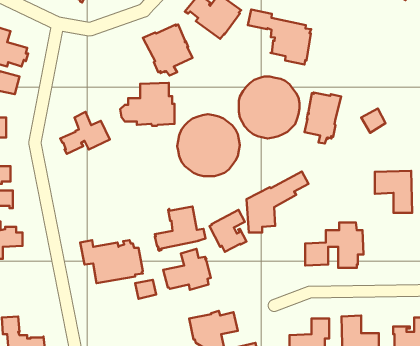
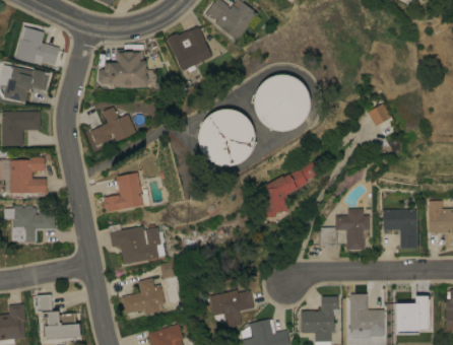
building: [248,10,311,64] -> none
building: [120,83,174,126] -> [99,49,148,88]
building: [305,93,341,143] -> none
building: [375,171,412,213] -> [383,209,417,248]
building: [155,207,206,251] -> [104,172,150,213]
building: [209,210,246,252] -> none
building: [163,249,211,290] -> [122,277,166,315]

